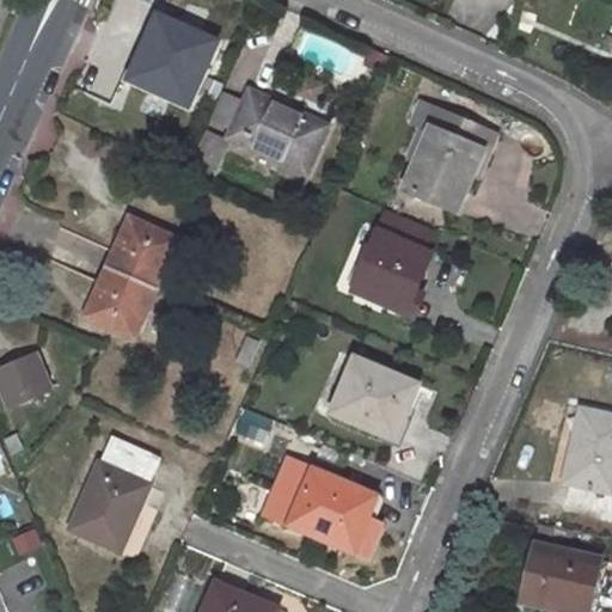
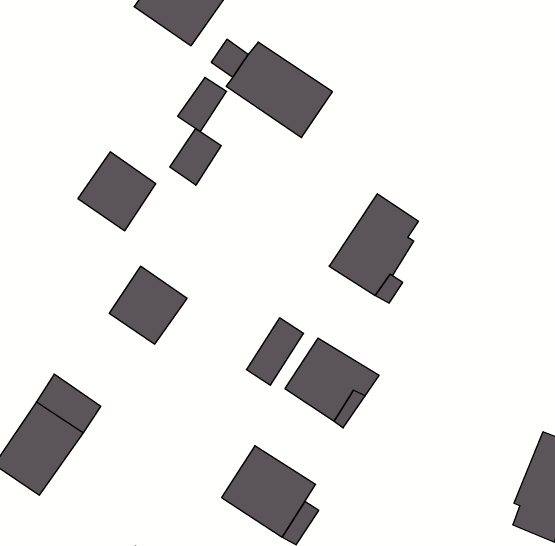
building: [403,108,494,209] -> none
building: none -> [170,128,221,185]
building: [84,265,154,336] -> [109,266,187,344]
building: [263,458,311,522] -> [246,318,304,385]

